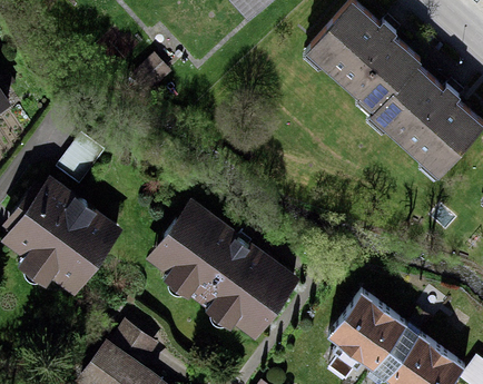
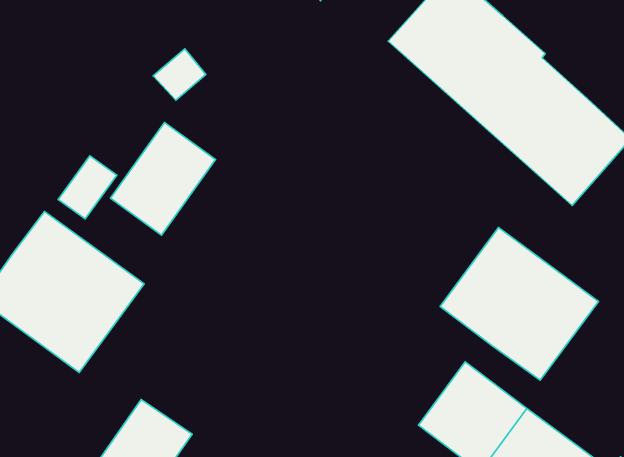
building: none -> [110,122,216,235]
building: none -> [440,228,599,380]
building: [144,197,300,342] -> none

